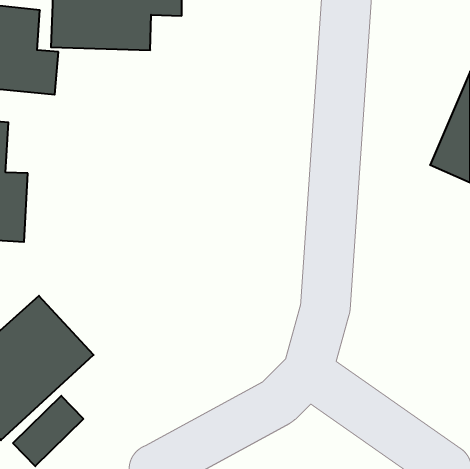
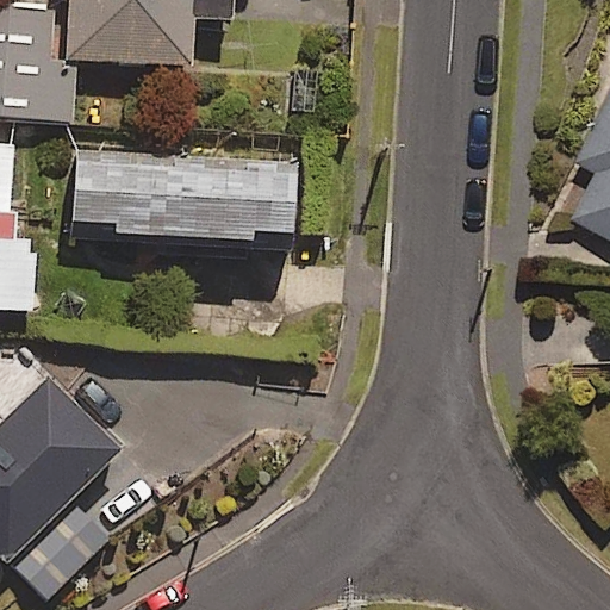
building: none -> [74,148,299,244]

